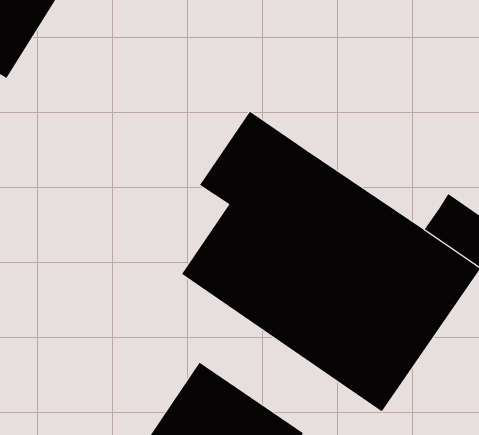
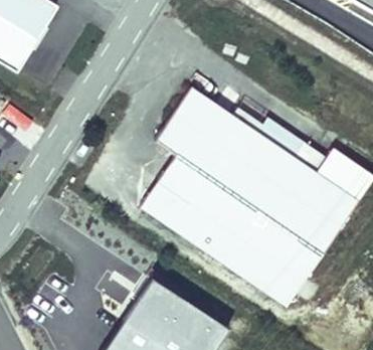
building: none -> [233,105,328,178]

